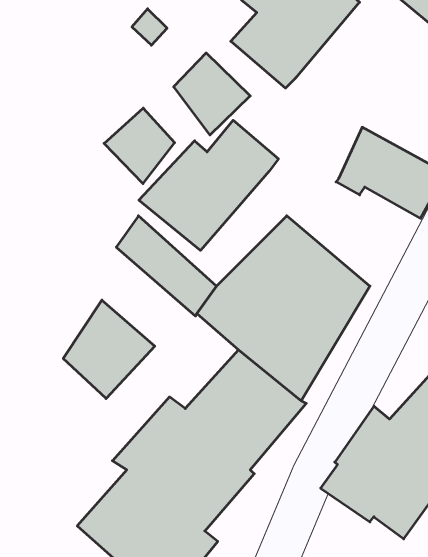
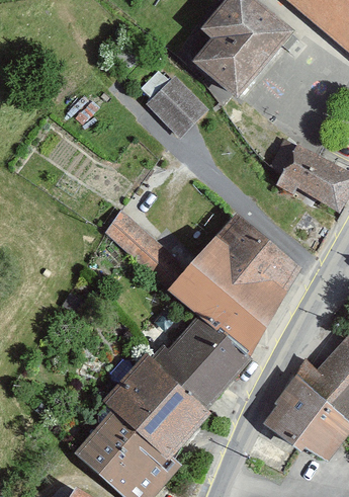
building: [104,108,175,184] -> none
building: [139,120,278,250] -> none
building: [63,300,155,399] -> none

